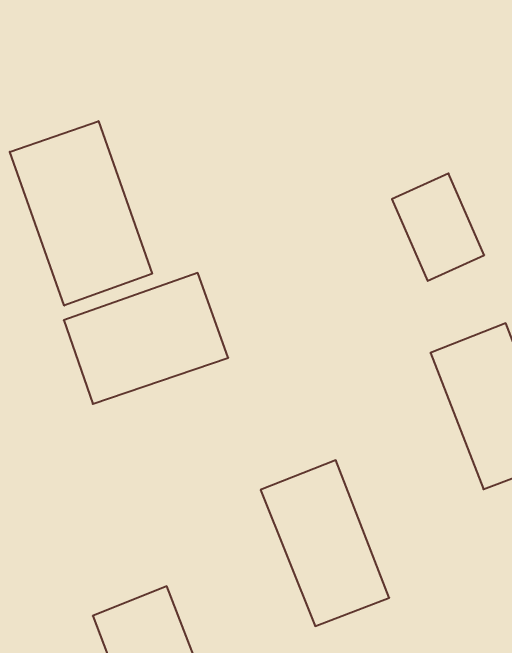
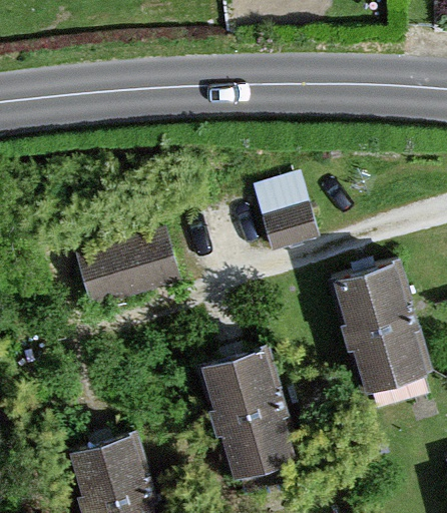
building: [10,121,152,306] -> none
building: [392,173,484,281] -> [258,156,323,234]

